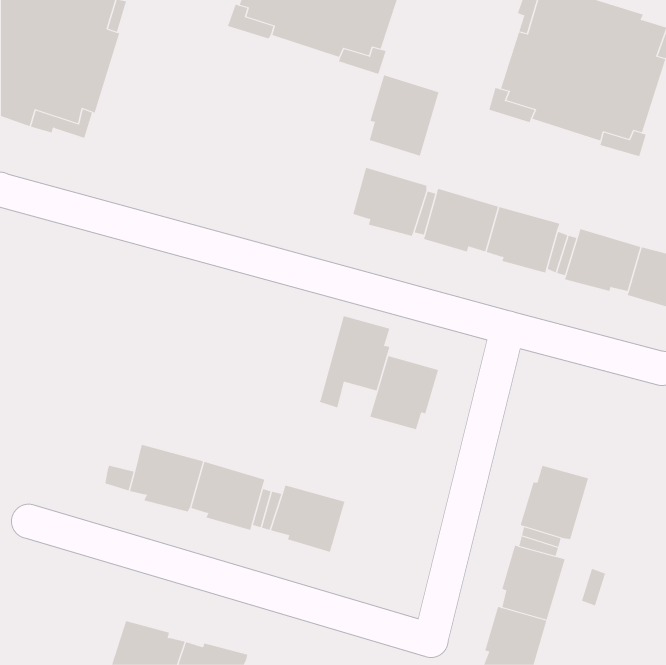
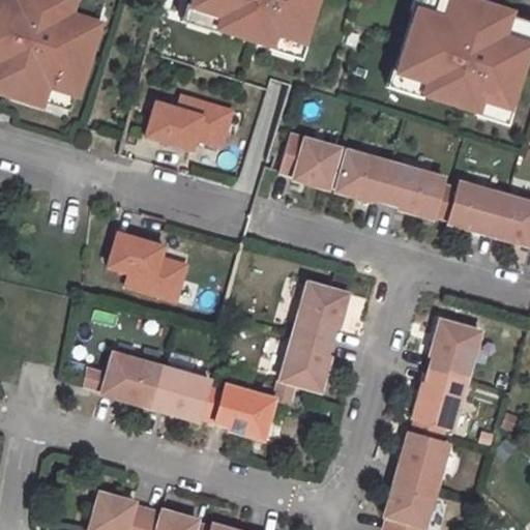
building: [369,75,439,156] -> none
building: none -> [147,95,234,149]
building: none -> [108,232,188,301]
building: [318,316,390,408] -> [274,330,331,404]
building: none -> [431,319,481,379]

